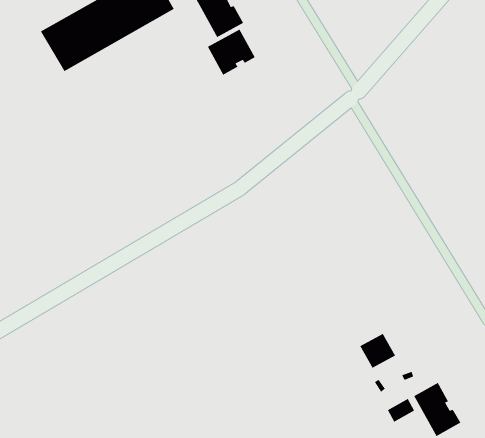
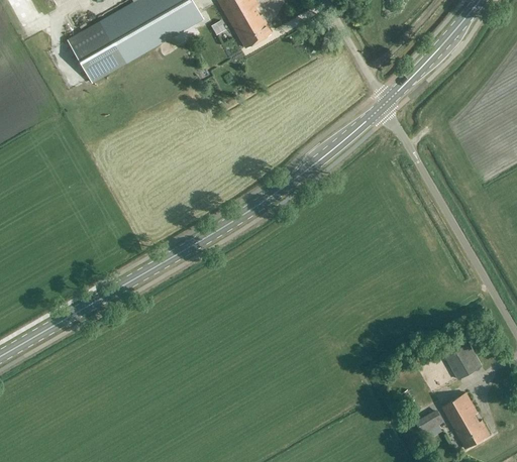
building: [207,28,256,76] -> none
building: [359,333,396,369] -> [444,342,482,378]

